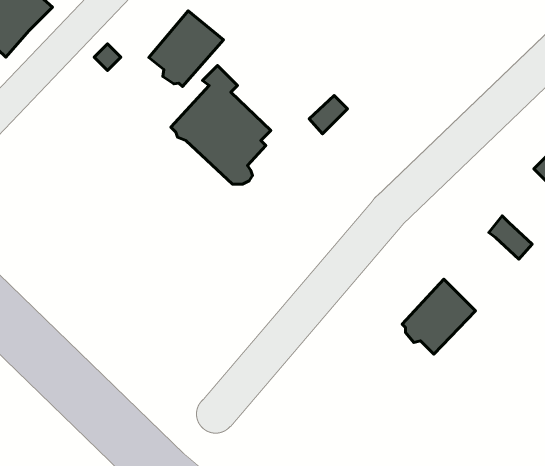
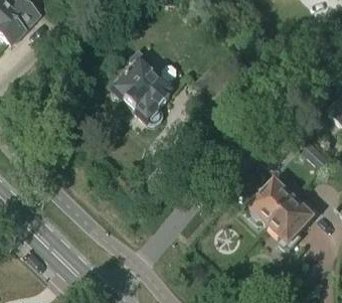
building: [149,11,224,86] -> none
building: none -> [270,198,314,248]

